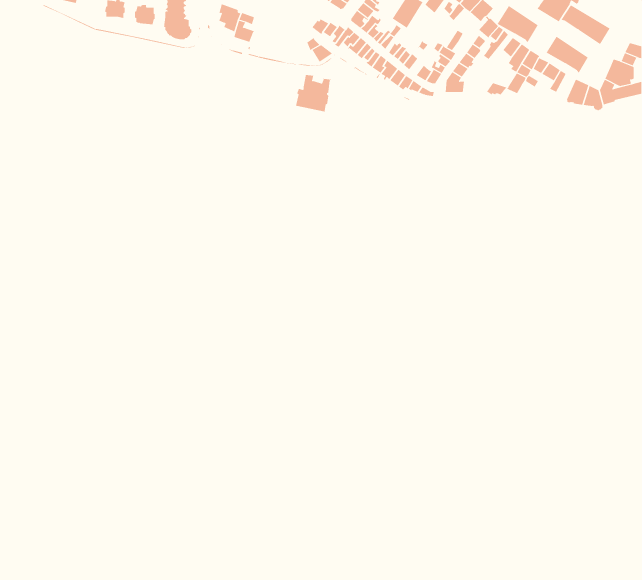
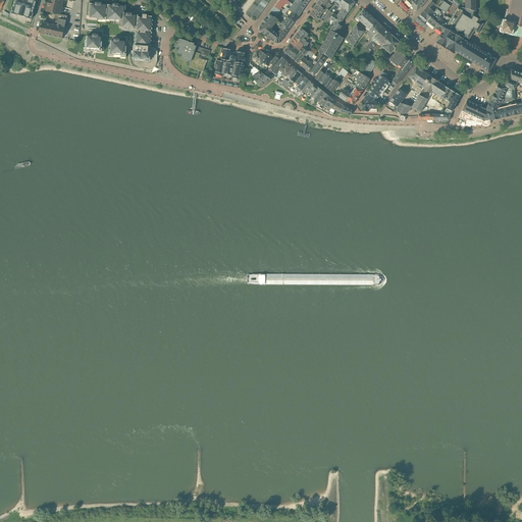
building: [497,5,538,43] -> none
building: [546,36,588,73] -> none
building: [295,74,332,112] -> [215,48,245,79]

